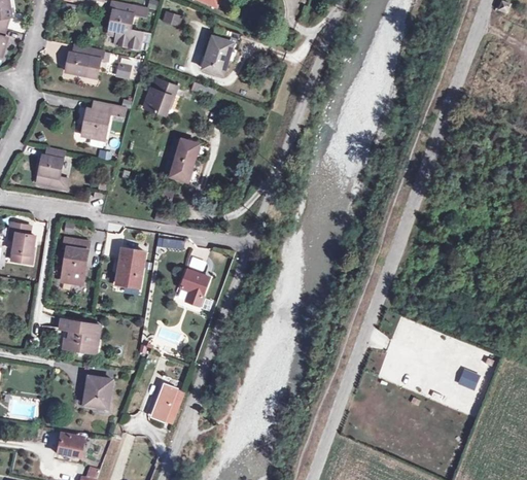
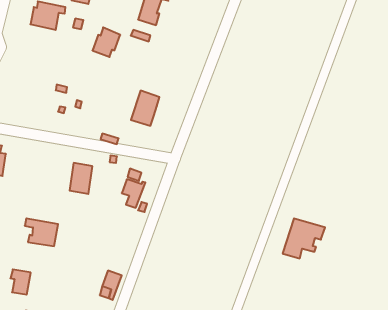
building: [81,100,121,137] -> none
building: [161,136,197,180] -> [131,91,159,126]
building: [35,147,68,187] -> none
building: [61,238,89,284] -> none
building: [86,375,112,407] -> [10,269,31,295]

